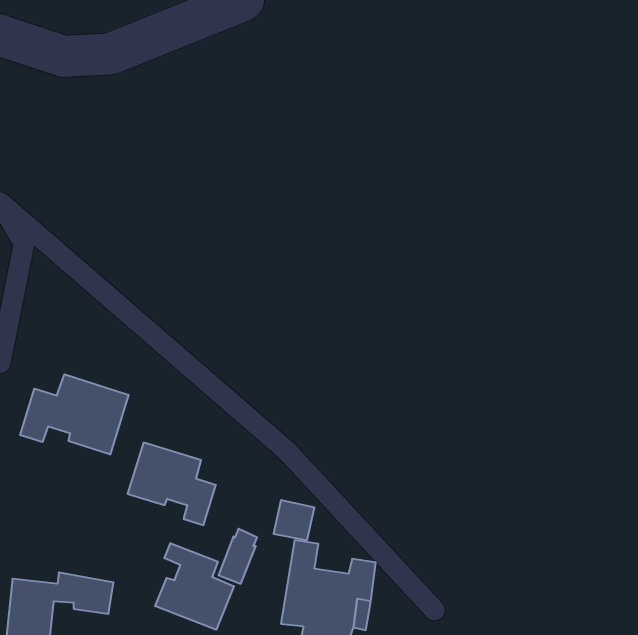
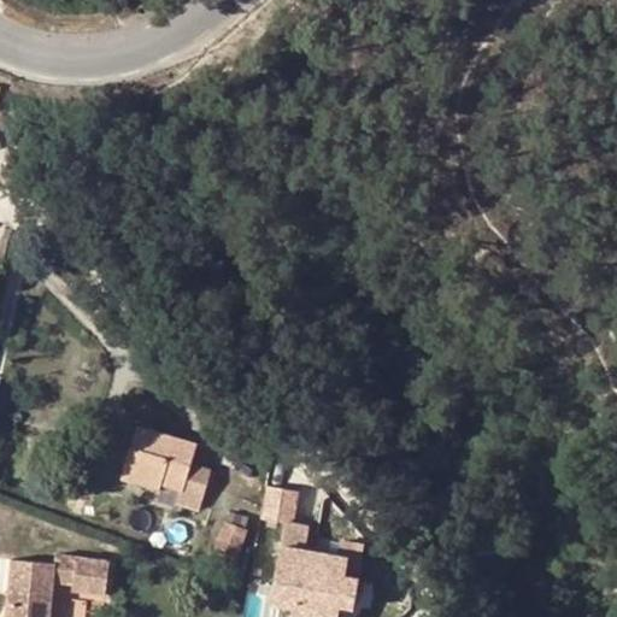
building: [20,374,129,455] -> none
building: [155,543,234,630] -> none

